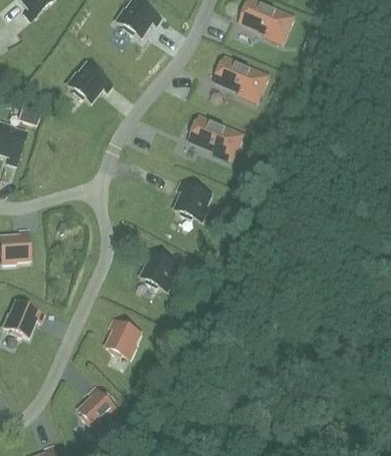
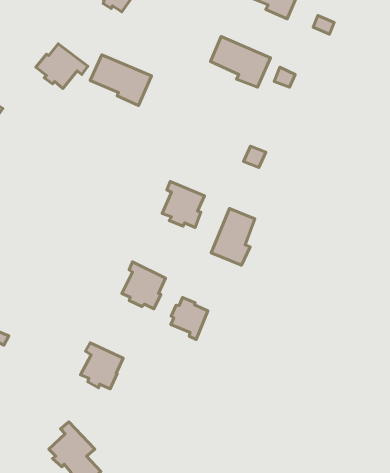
building: [189,116,242,159] -> [90,55,151,105]
building: none -> [211,208,255,265]
building: none -> [171,297,208,339]

